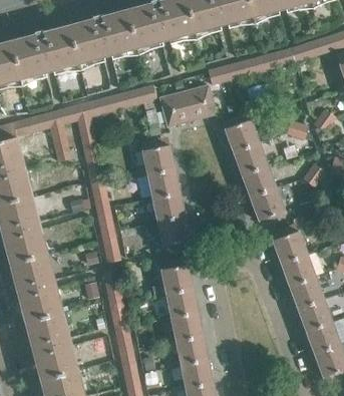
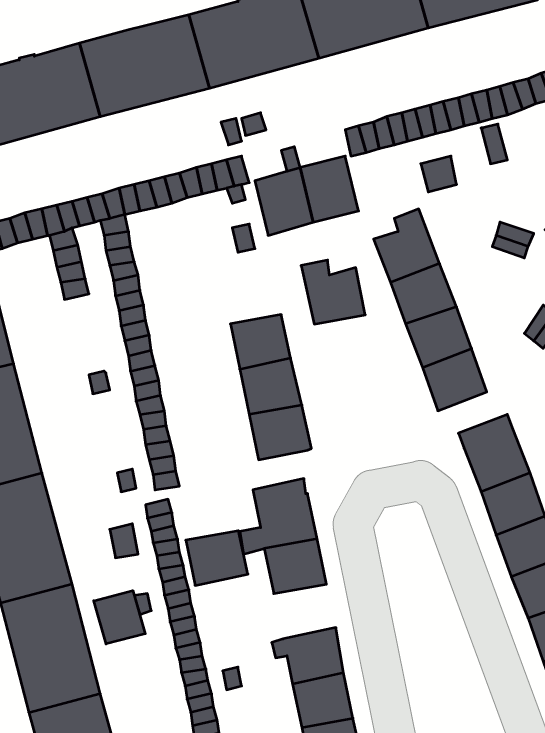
building: [140,140,175,174] -> [301,260,365,324]
building: [170,313,204,342] -> [186,531,248,585]
building: none -> [94,591,145,644]

